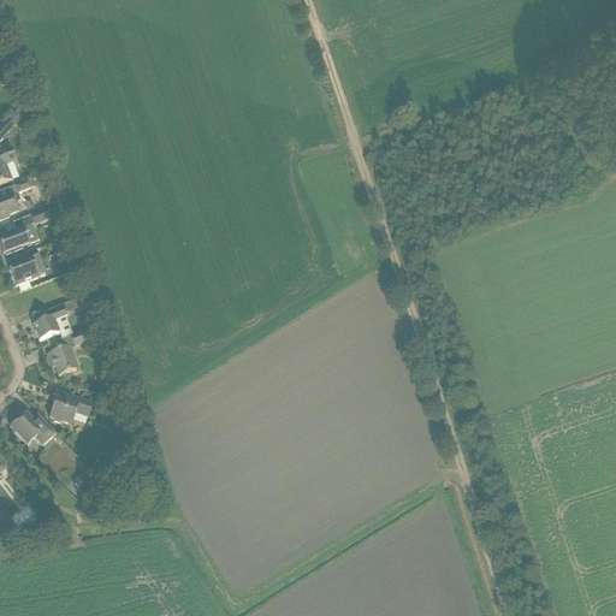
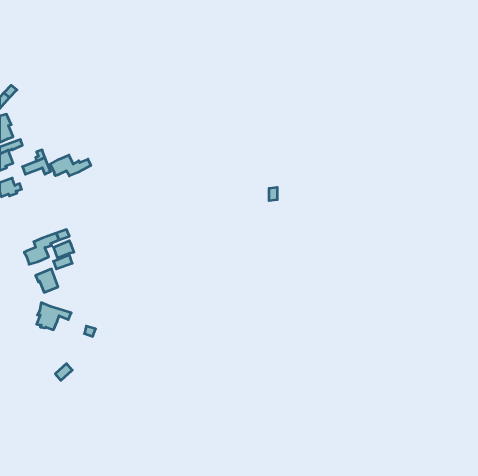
building: none -> [50,155,91,176]
building: [7,248,43,285] -> none
building: [8,410,54,445] -> none

